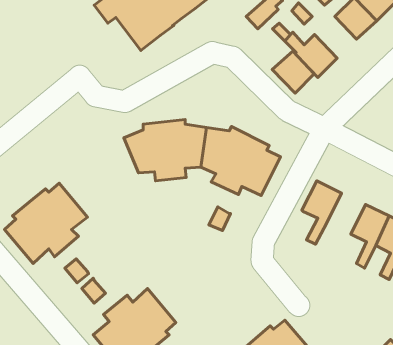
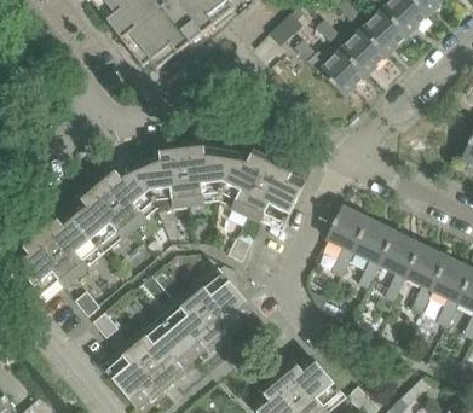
building: [272,51,314,93] -> [341,33,386,77]
building: none -> [69,162,154,246]
building: none -> [354,221,396,287]
building: none -> [163,274,253,359]

